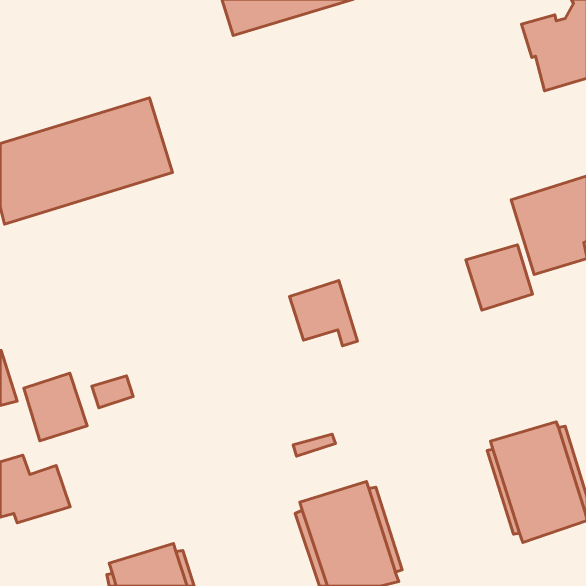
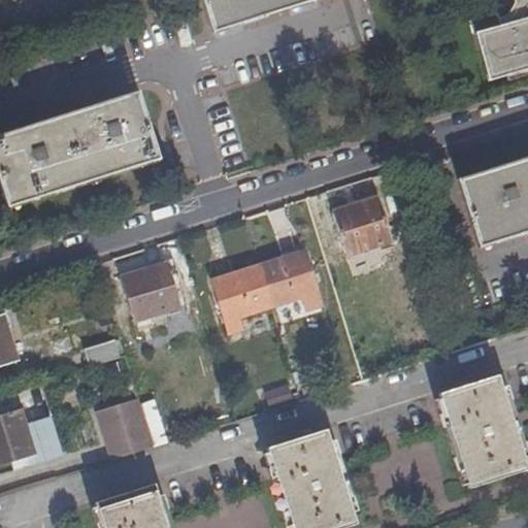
building: [466,245,532,310] -> [332,197,392,256]
building: none -> [123,263,180,321]
building: none -> [212,266,273,335]
building: [24,373,87,441] -> [98,397,155,458]

